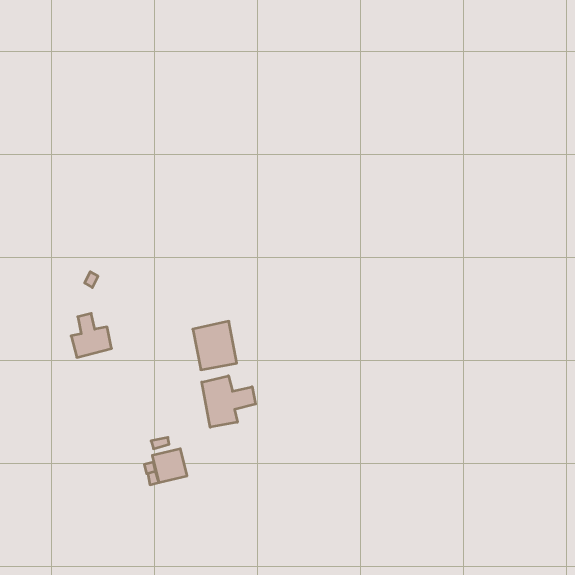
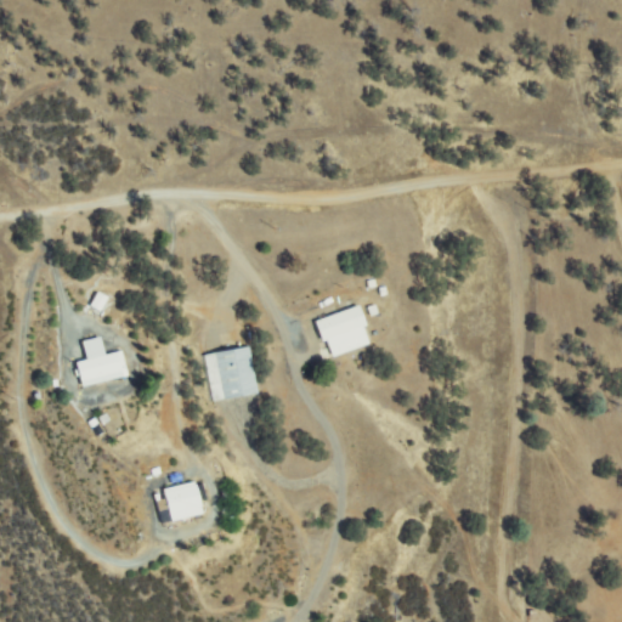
building: none -> [320,307,368,355]
building: [202,376,256,427] -> none

